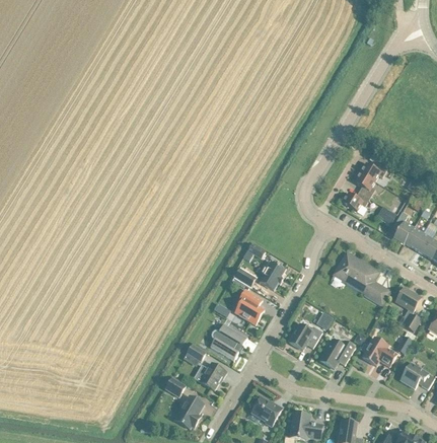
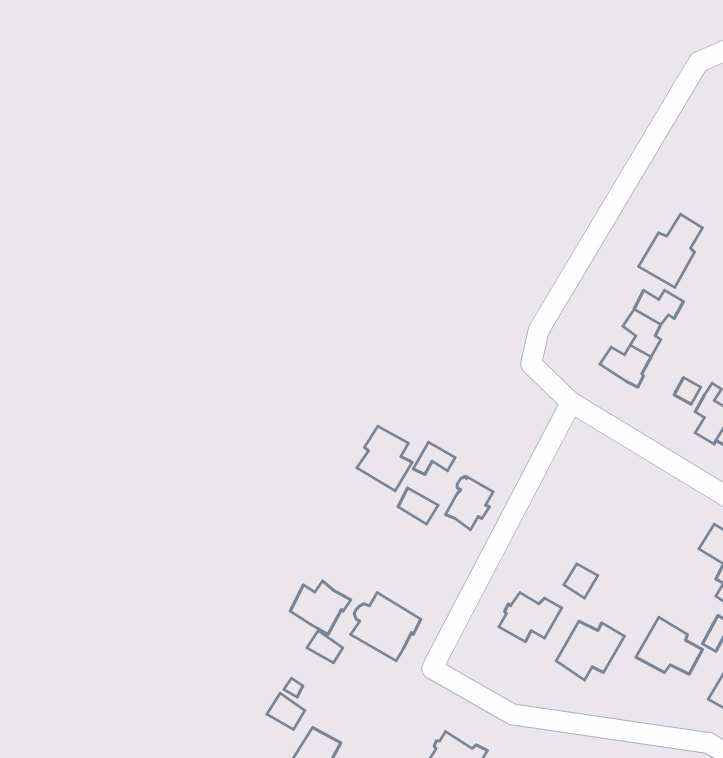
building: none -> [638,214,702,287]
building: [334,251,389,304] -> none
building: [234,289,264,323] -> [357,426,412,491]
building: [194,361,226,389] -> [290,581,351,634]

